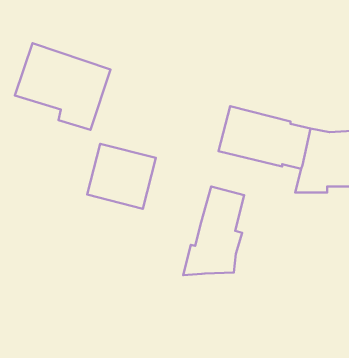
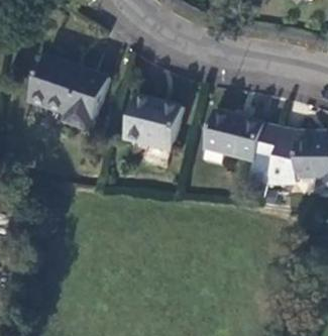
building: [87,144,156,209] -> [123,94,182,149]
building: [183,187,244,275] -> none

